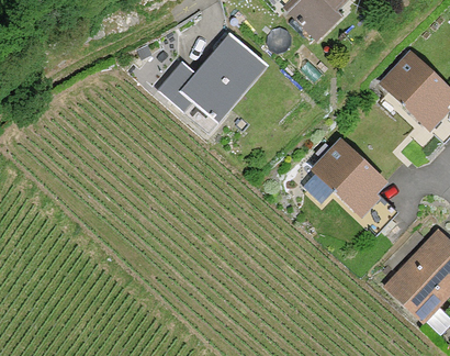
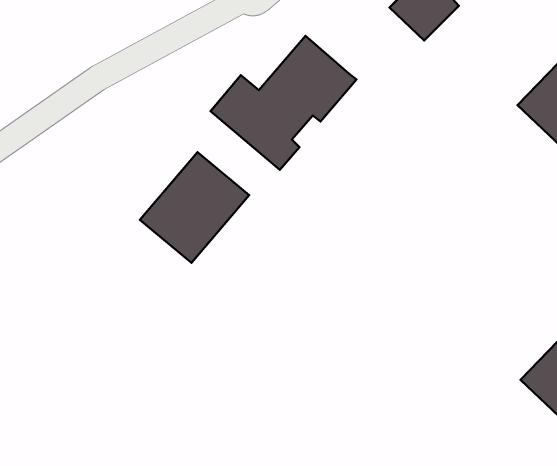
building: none -> [140,152,249,263]
building: [314,141,384,211] -> none

